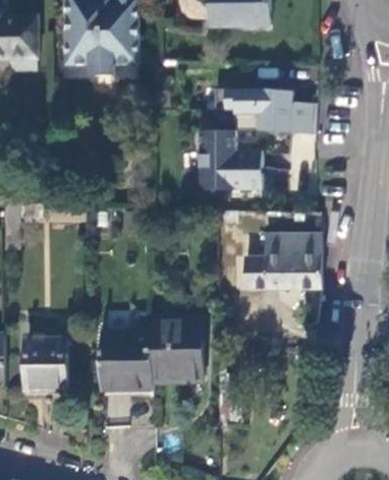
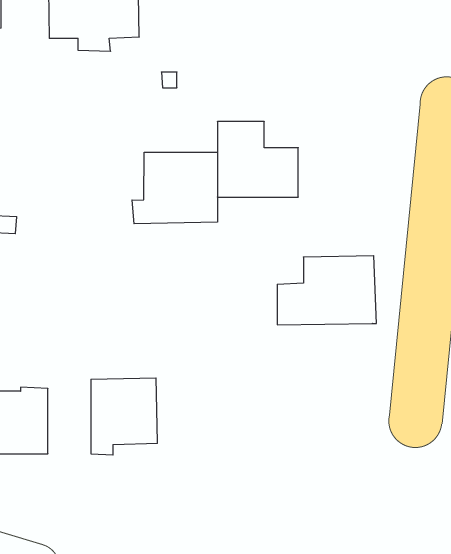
building: [214,88,316,134] -> none
building: none -> [132,152,217,224]
building: [151,315,202,380] -> none

